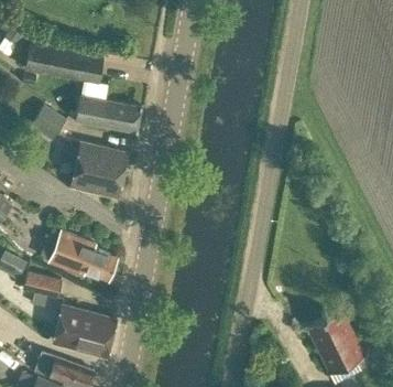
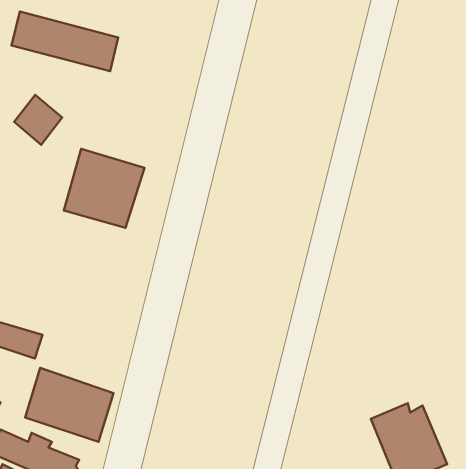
building: [76,82,142,133] -> none
building: [50,233,118,281] -> none

